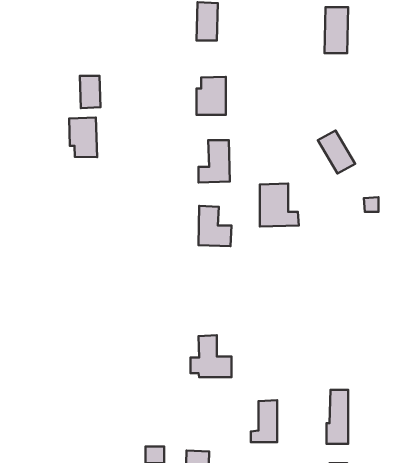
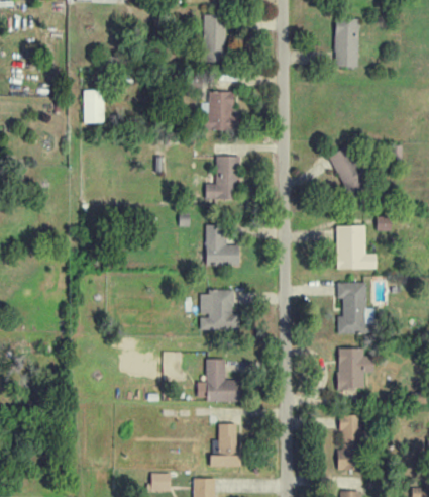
building: [69,118,97,157] -> none
building: [260,183,299,226] -> [336,225,377,270]
building: none -> [336,283,365,334]
building: none -> [199,291,233,330]
building: none -> [337,347,373,391]
building: [251,400,277,442] -> [210,423,237,467]

